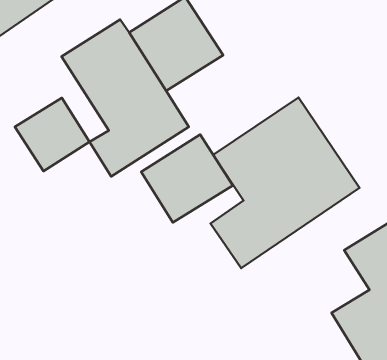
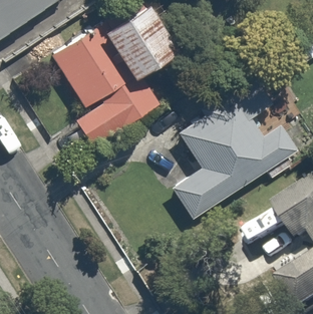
building: [15,98,90,171] -> none
building: [141,134,233,223] -> none

